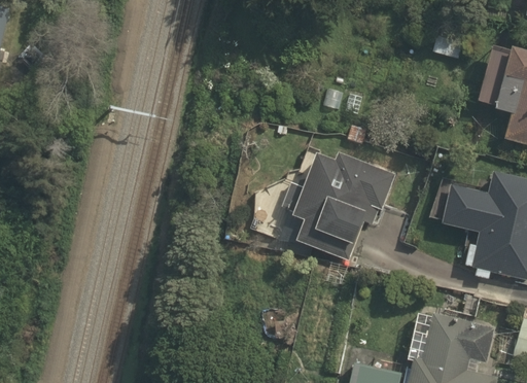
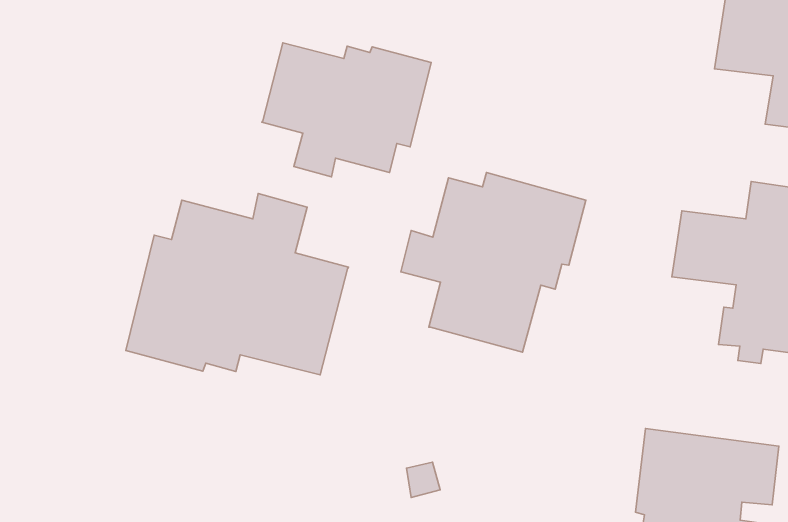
building: none -> [262,43,431,177]
building: none -> [126,193,349,375]

